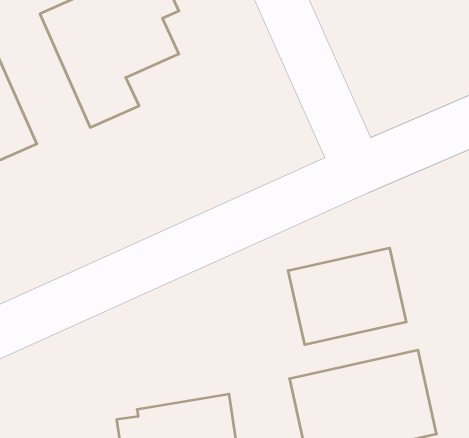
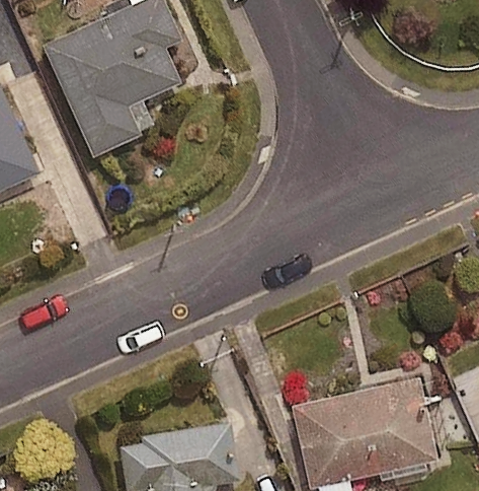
building: [288,248,406,345] -> none

